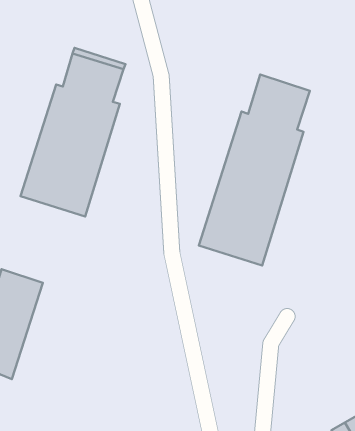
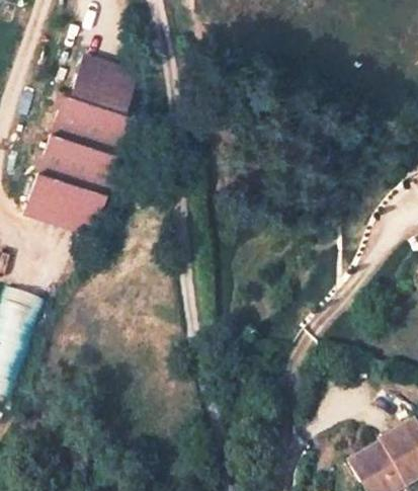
building: [199,75,310,265] -> none

